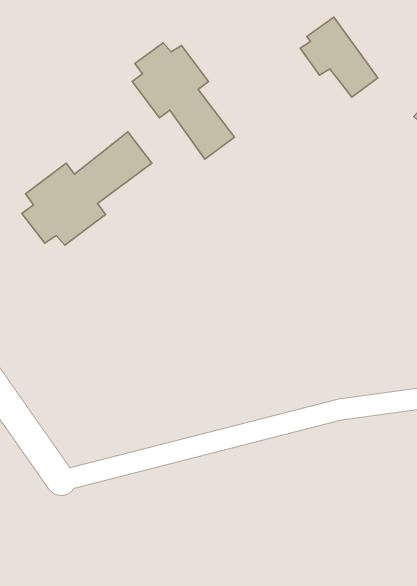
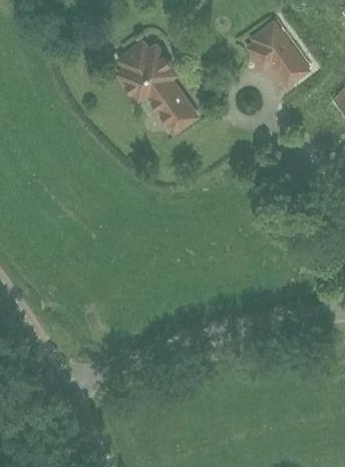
building: [22,132,152,245] -> none

